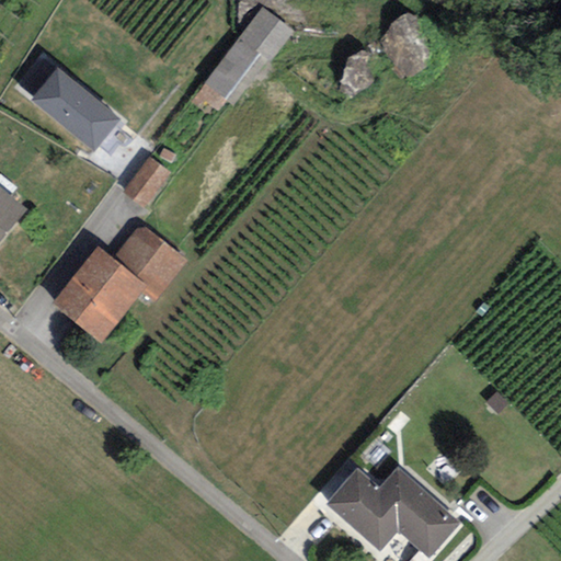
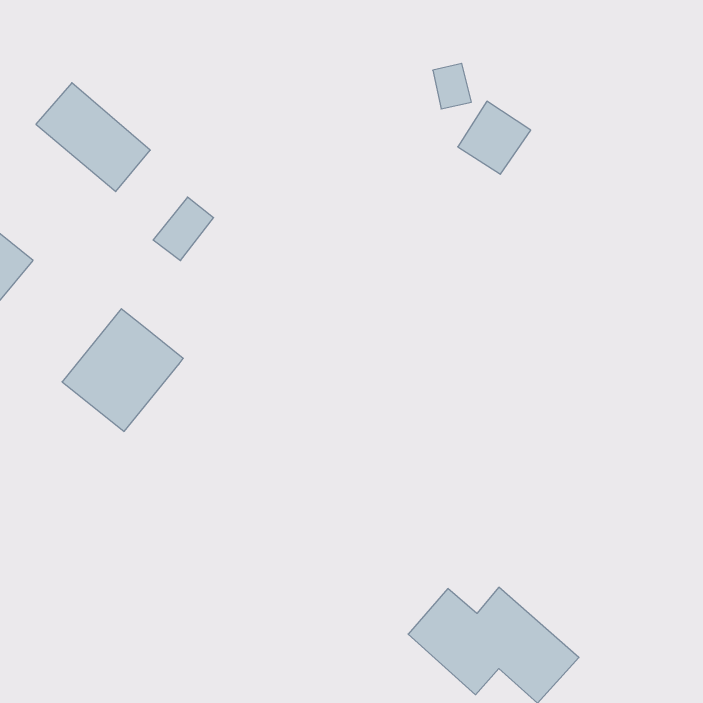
building: [204,7,293,100] -> none
building: [379,11,437,69] -> [458,101,531,174]
building: [113,225,185,300] -> none

